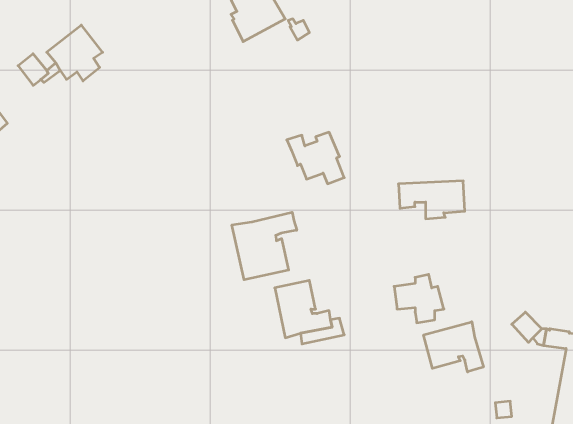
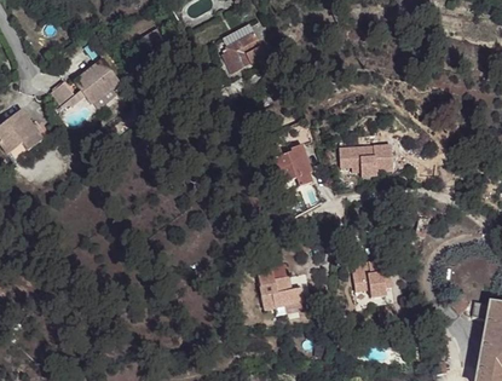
building: [398,181,465,219] -> [339,146,392,177]
building: [232,212,297,280] -> none
building: [424,322,483,372] -> none

